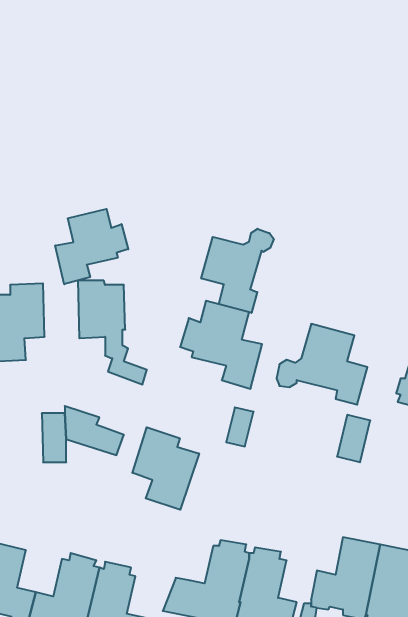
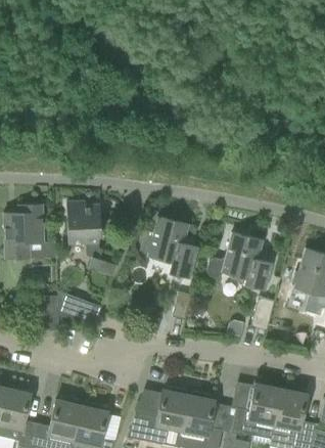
building: [55,209,128,284] -> none
building: [201,229,274,313] -> none
building: [132,427,199,510] -> none

